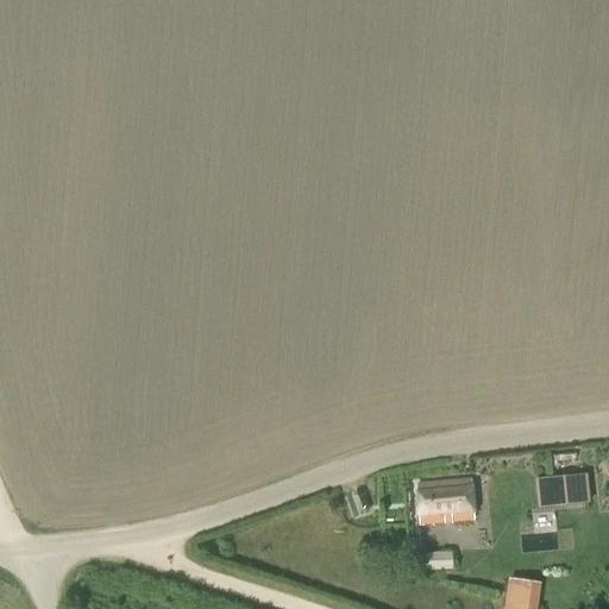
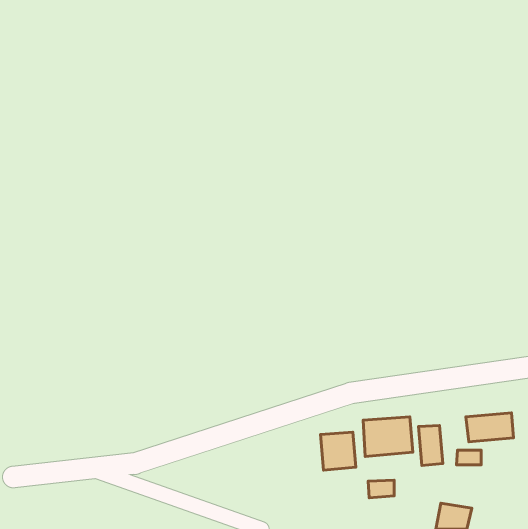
building: none -> [419,425,443,465]
building: none -> [320,432,356,470]

